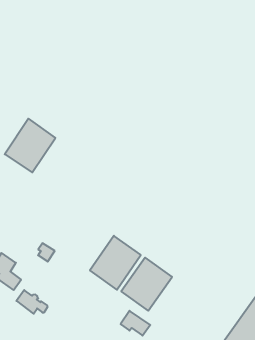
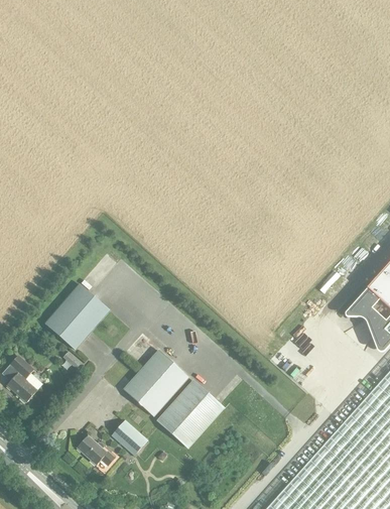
building: [5,119,55,172] -> [45,284,110,351]
building: [16,290,48,314] -> [78,435,115,466]
building: [121,311,150,336] -> [112,421,148,454]

